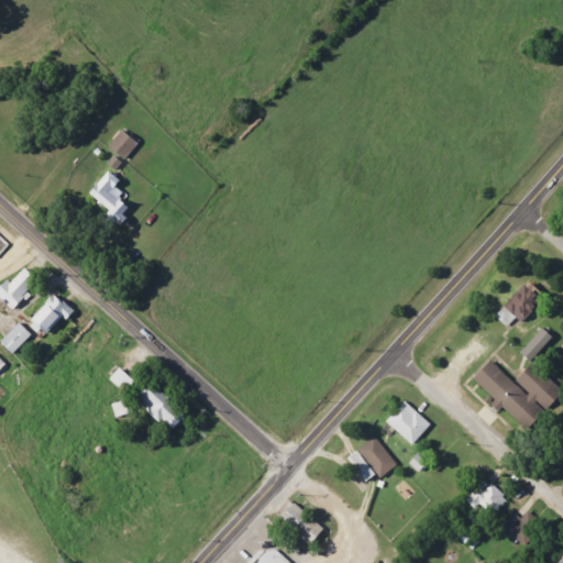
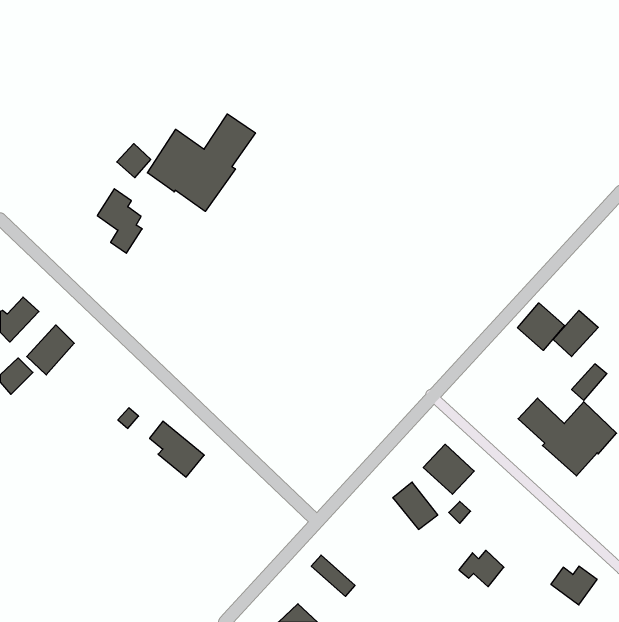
building: none -> [147,114,255,211]
building: none -> [518,303,564,350]
building: [467,484,508,517] -> [459,550,504,587]

